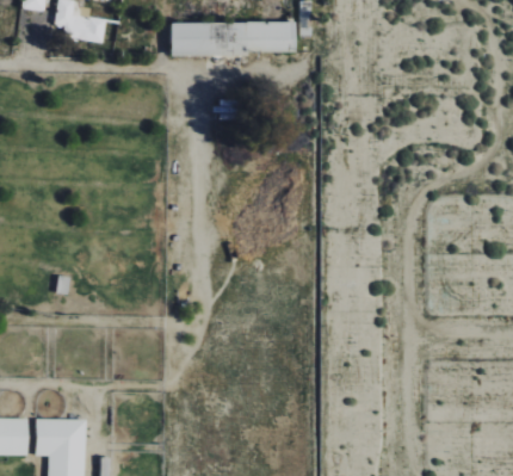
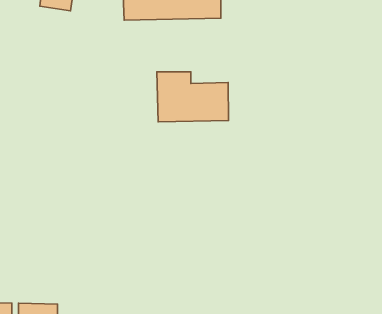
building: none -> [157,72,228,122]

